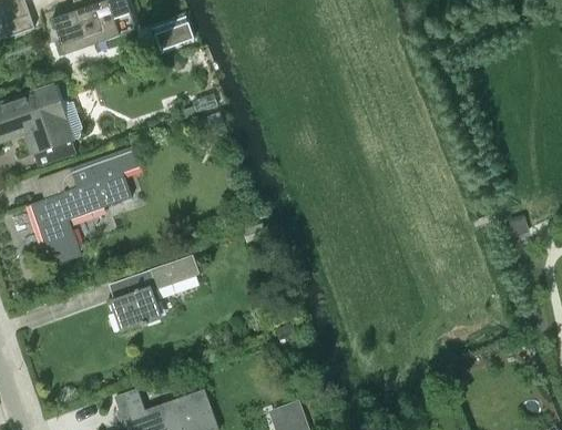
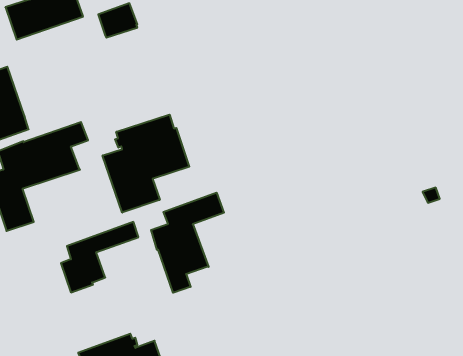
building: none -> [103,115,189,213]
building: none -> [151,193,224,293]

